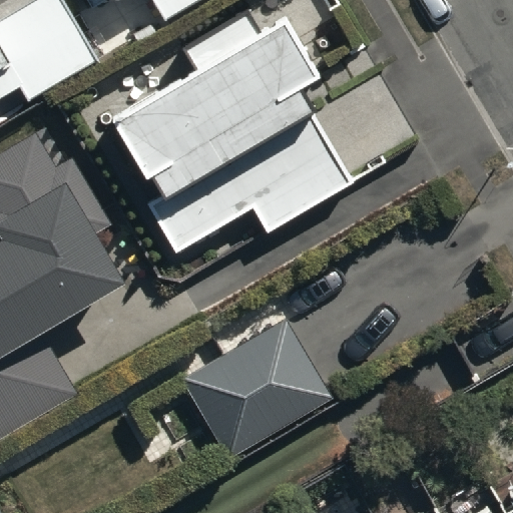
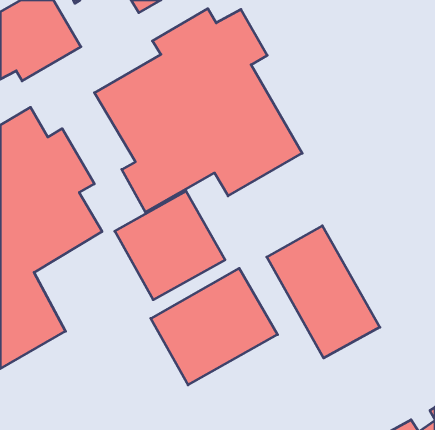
building: none -> [115,191,225,300]
building: none -> [267,226,380,358]

